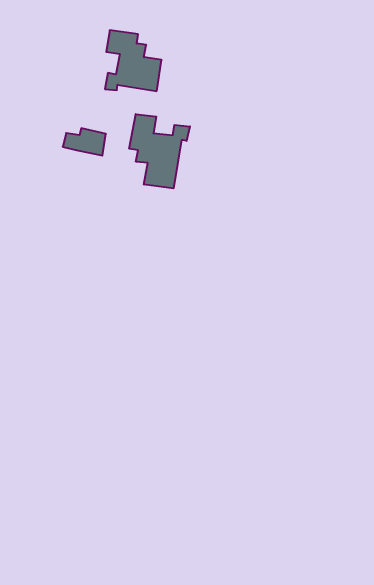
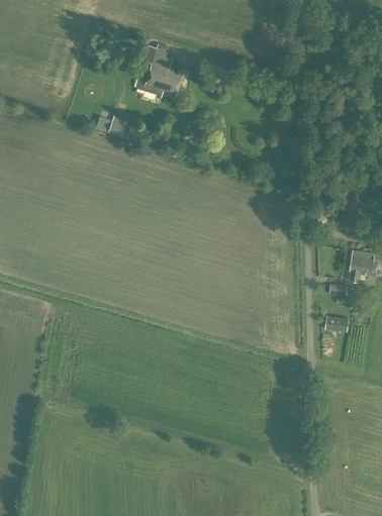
building: [129,114,190,188] -> none

